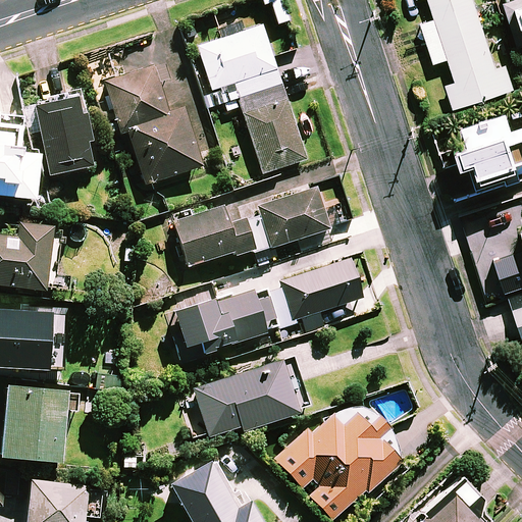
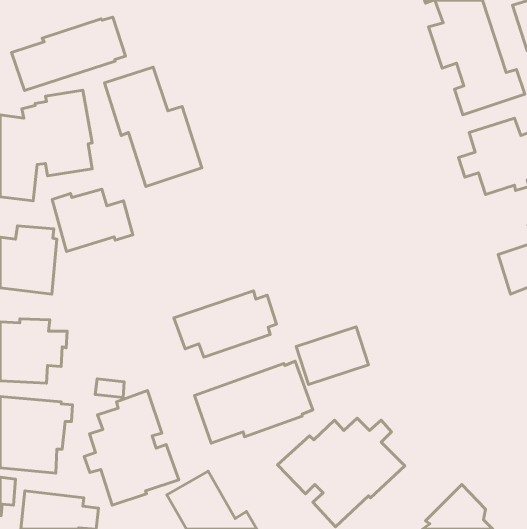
building: none -> [12,17,126,90]
building: [198,25,306,173] -> none
building: [256,184,331,248] -> none
building: [173,205,253,266] -> [52,189,133,251]
building: [280,262,352,319] -> [296,327,368,385]
building: none -> [84,391,179,505]

